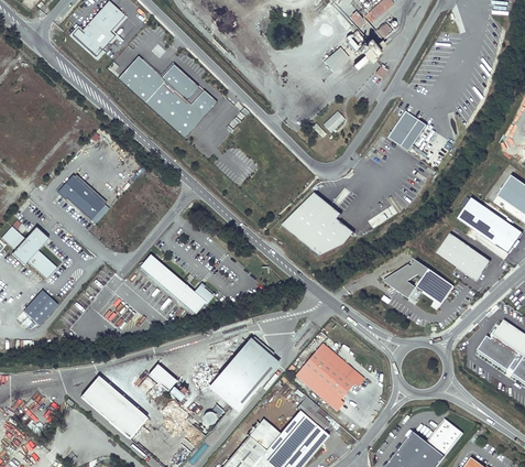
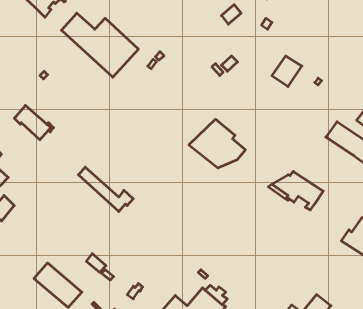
building: [437,231,490,278] -> none
building: [296,345,367,413] -> none
building: [216,347,271,406] -> none

